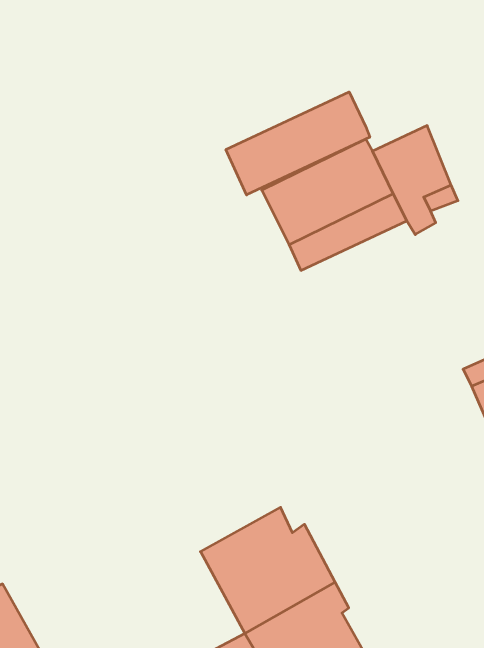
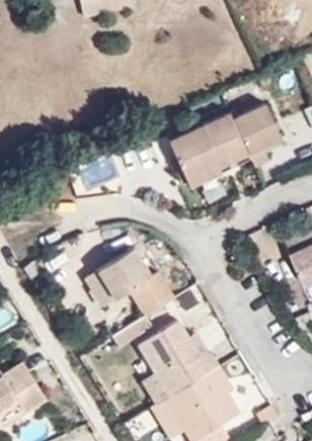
building: [226,92,370,195] -> none
building: none -> [80,256,169,323]

